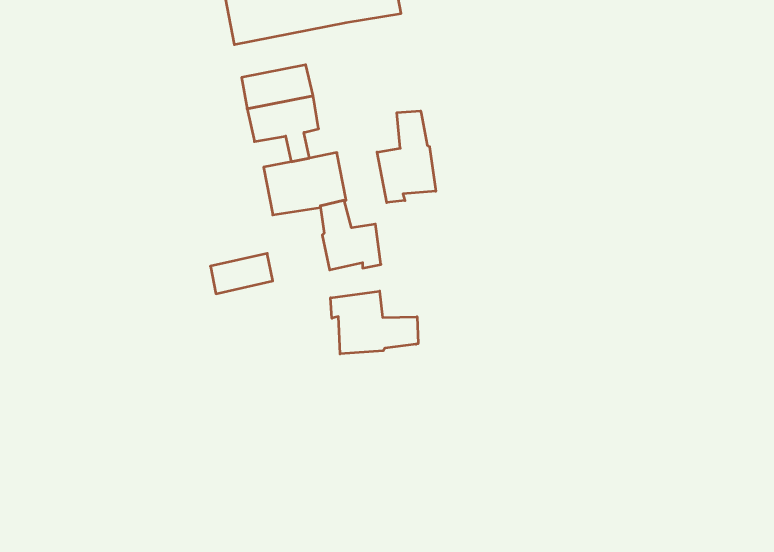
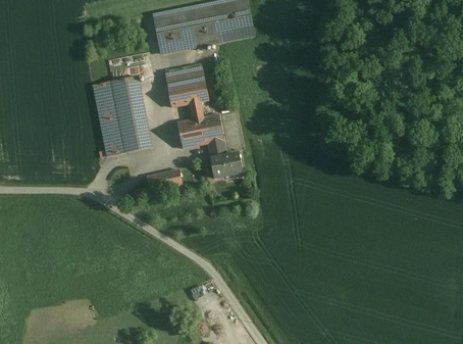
building: none -> [92,76,151,154]
building: [377,111,436,203] -> none
building: [331,291,418,354] -> none

